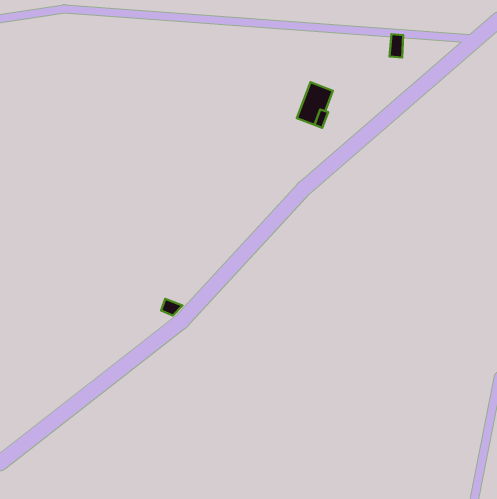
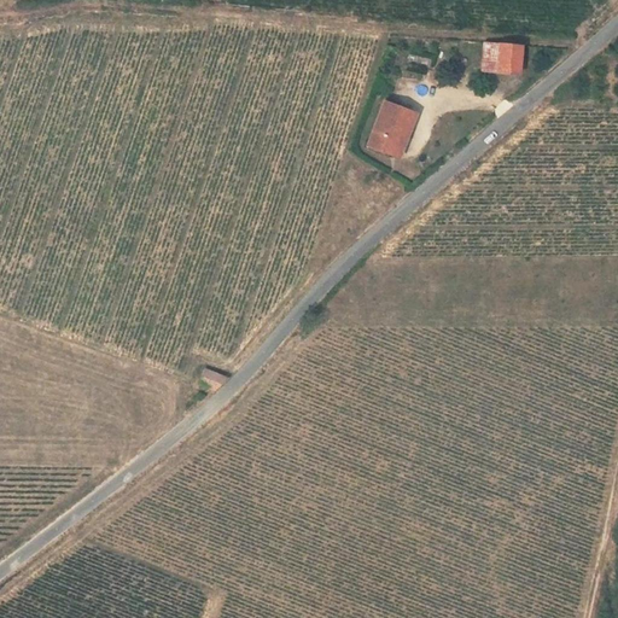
building: none -> [500,43,524,72]

